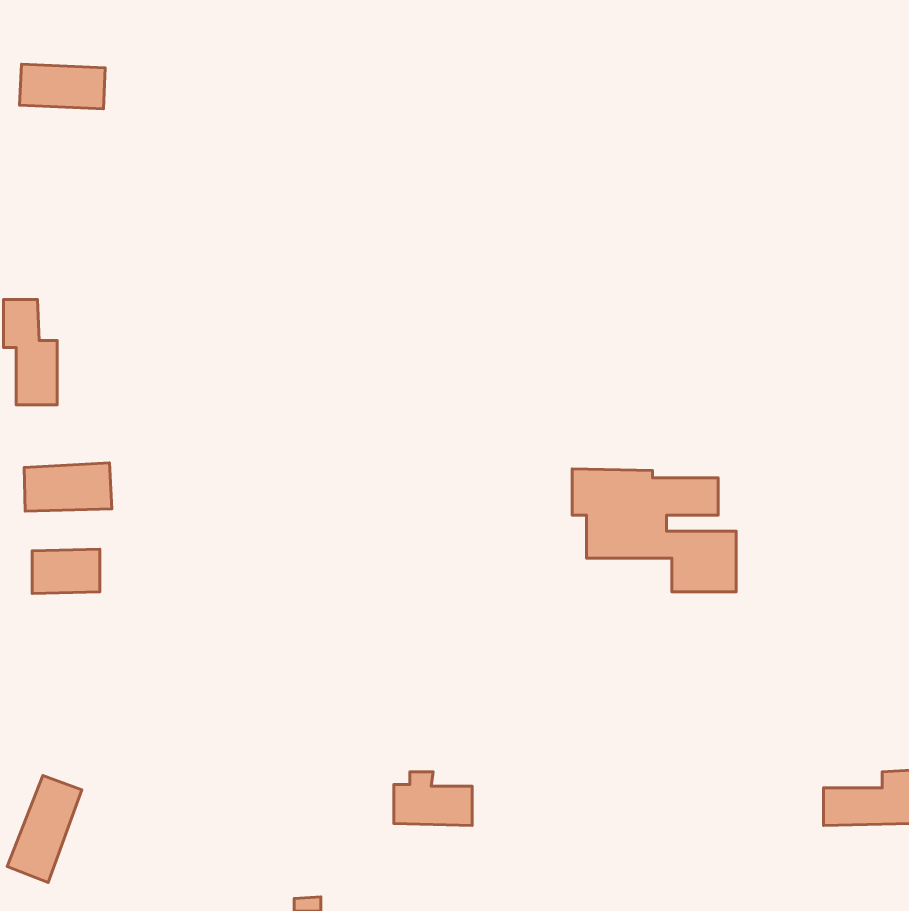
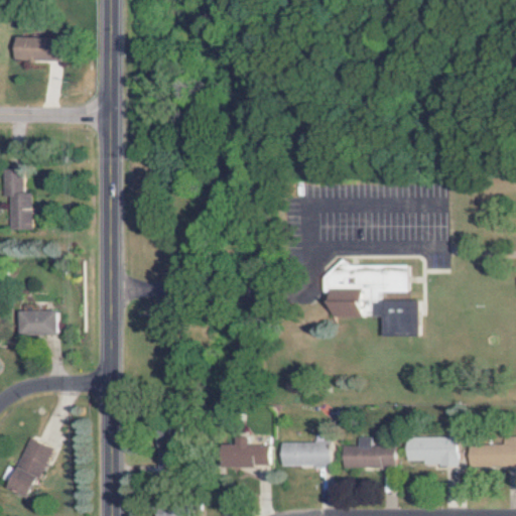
building: [24,463,112,511] -> none
building: none -> [404,436,456,464]
building: none -> [342,437,393,467]
building: none -> [280,441,331,466]

